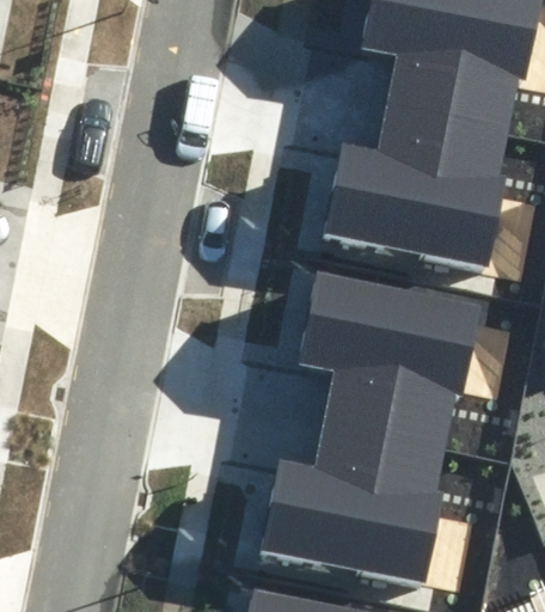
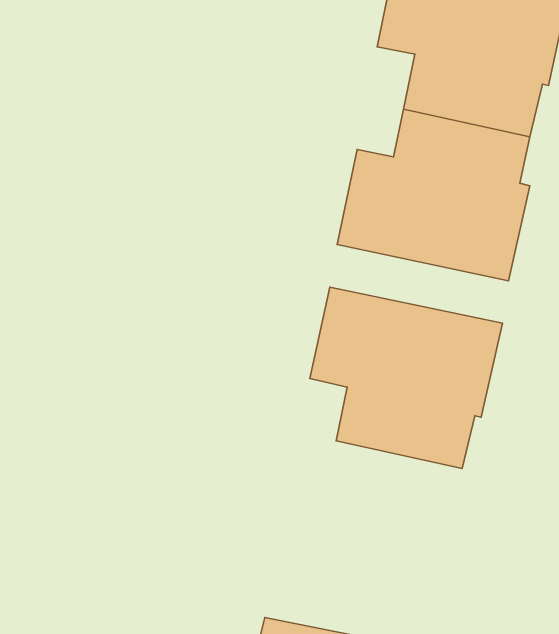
building: [258,423,442,587] -> none

